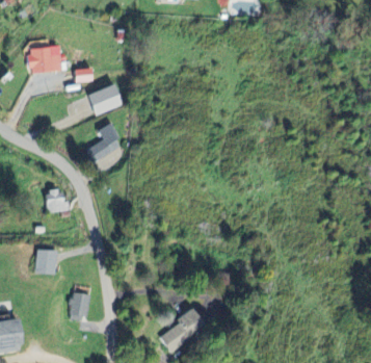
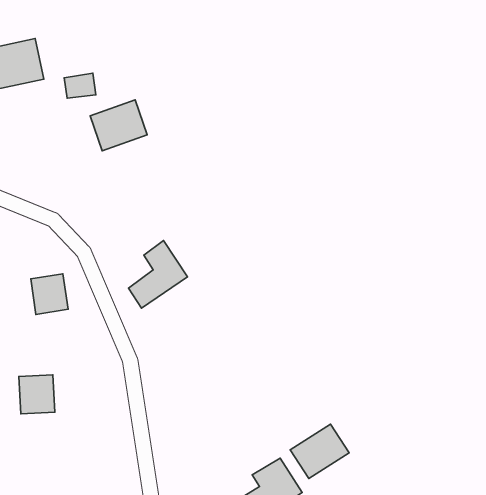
building: [85,122,122,162] -> [129,241,188,308]
building: none -> [290,424,349,479]
building: [72,292,89,320] -> none

